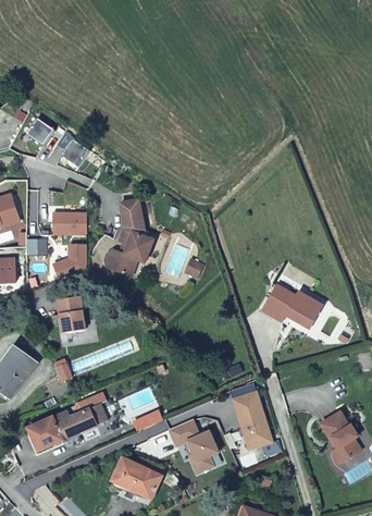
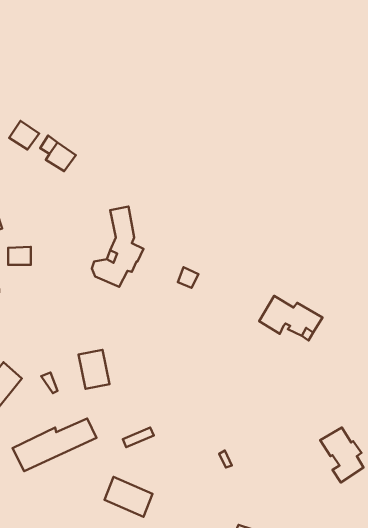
building: [48,212,83,236] -> none
building: [51,245,82,280] -> none
building: [55,295,85,332] -> [78,350,109,389]
building: [234,392,282,457] -> none
building: [169,419,219,474] -> none

